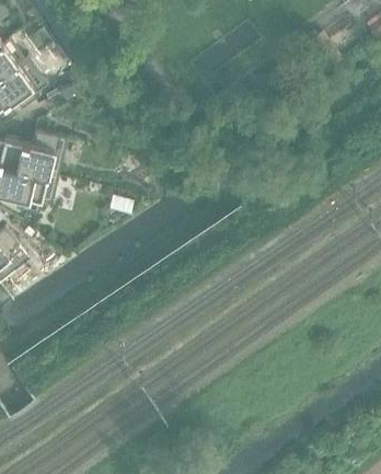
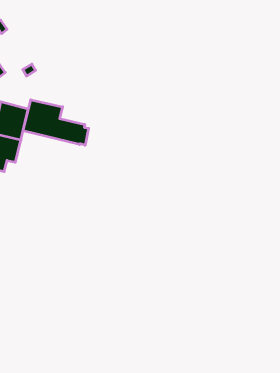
building: none -> [23,100,89,145]

